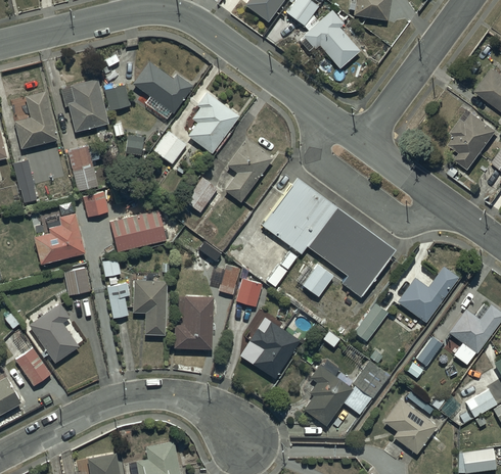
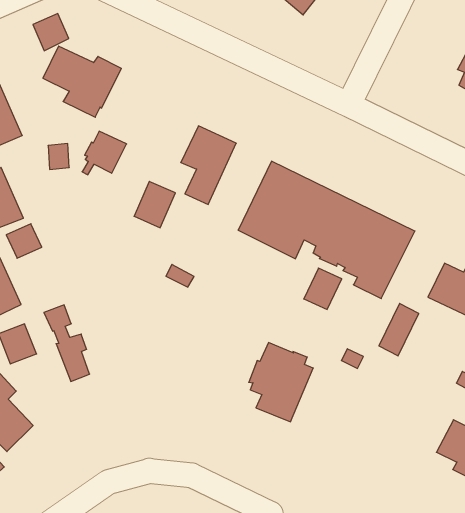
building: [104,85,130,111] -> [33,14,69,51]
building: [187,92,239,153] -> none
building: [109,210,165,251] -> none
building: [218,265,239,295] -> none
building: [236,279,262,306] -> none
building: [132,280,167,335] -> none
building: [174,295,213,349] -> none
building: [303,361,389,426] -> none

